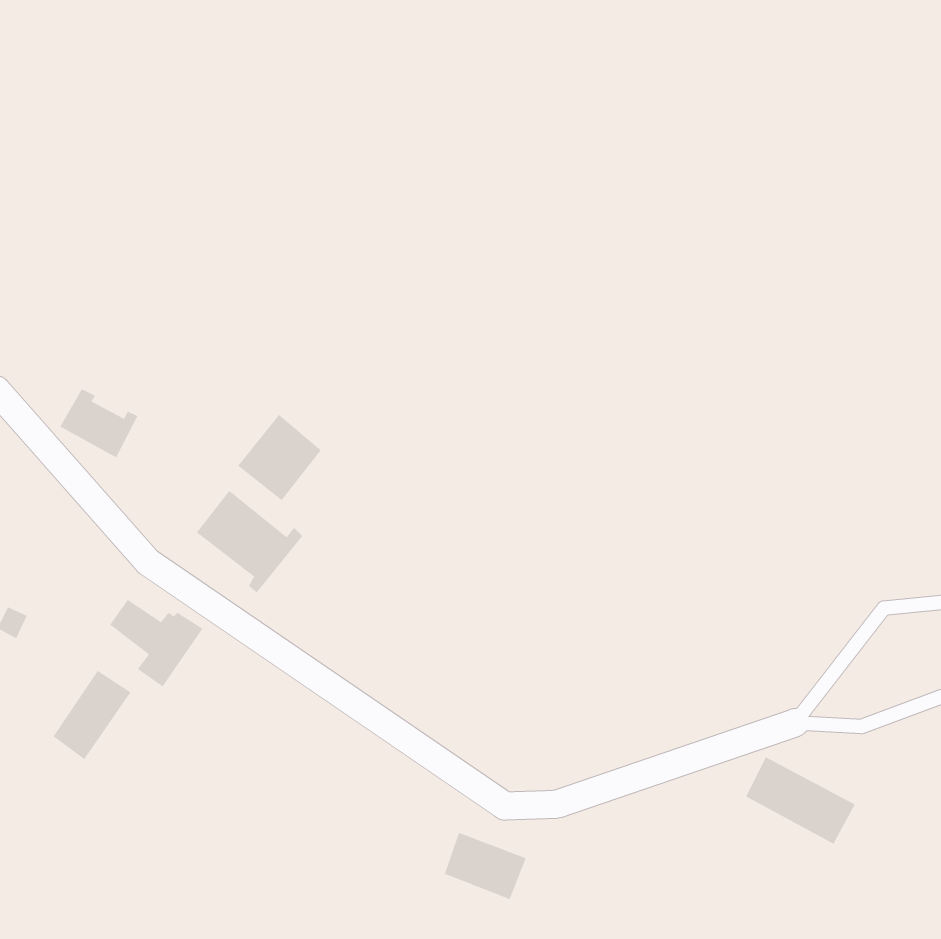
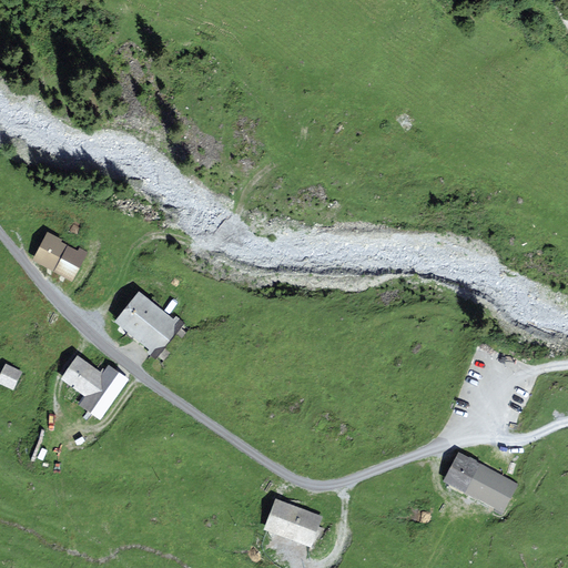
building: [237,414,322,501] -> none
building: [52,670,131,760] -> none

